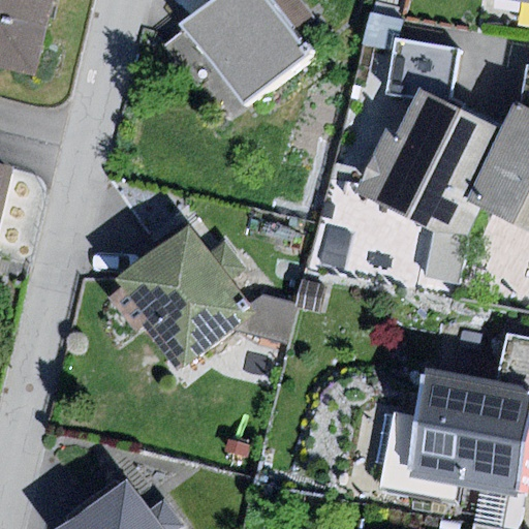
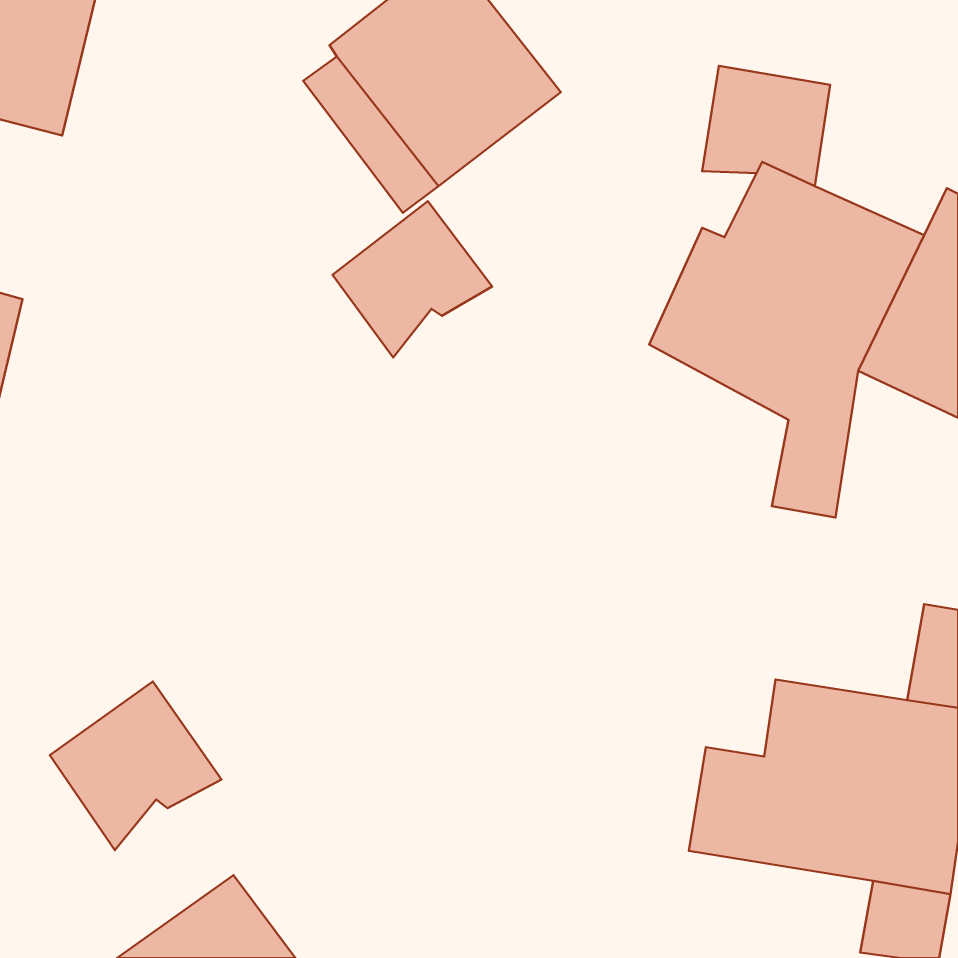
building: none -> [332,201,492,357]
building: [107,229,298,370] -> none
building: none -> [50,682,222,850]

